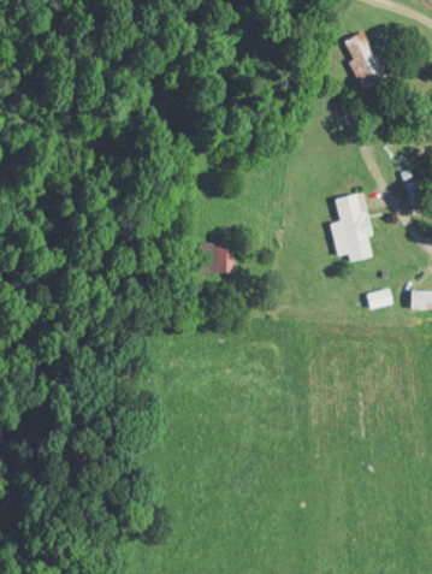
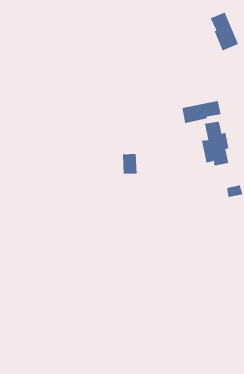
building: none -> [182,100,221,124]

